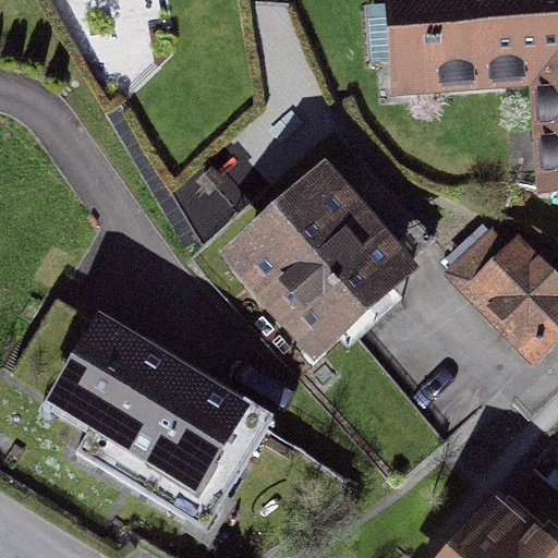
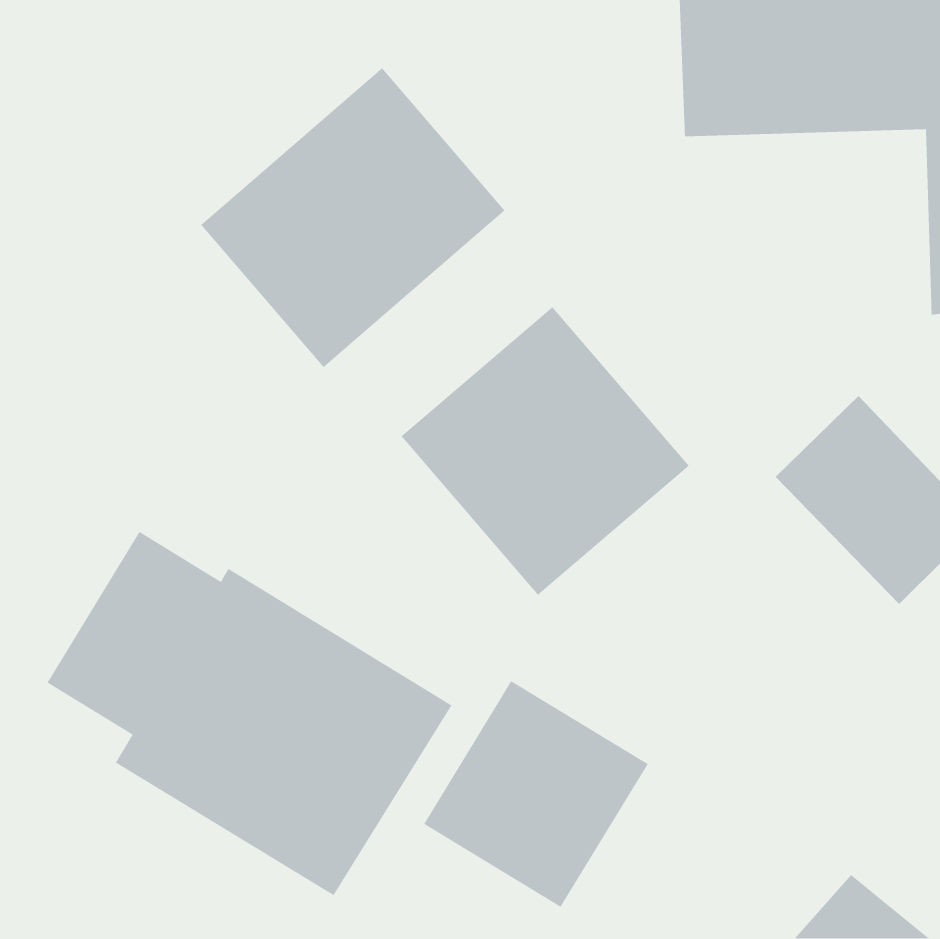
building: none -> [200,67,505,368]
building: none -> [423,680,649,908]

